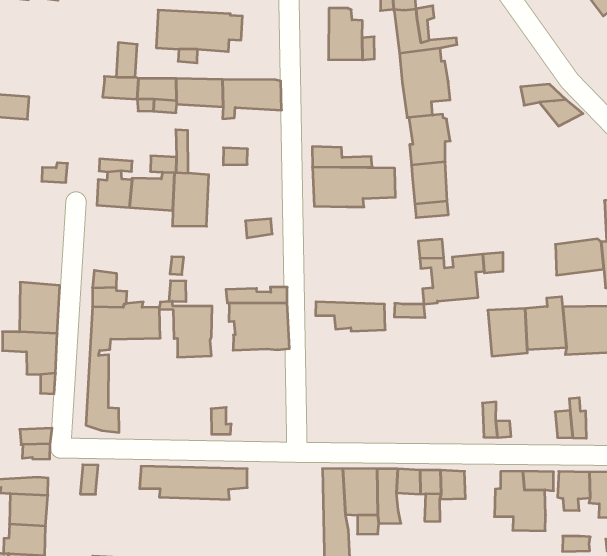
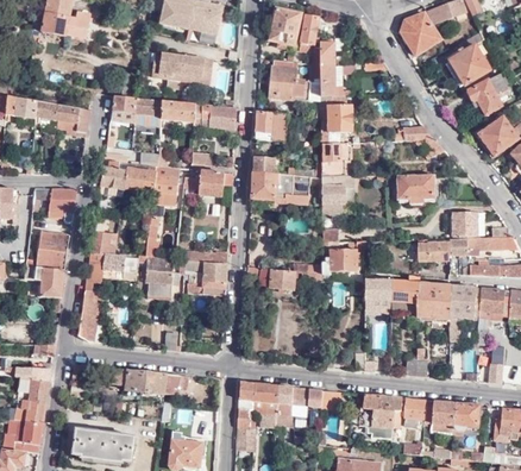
building: none -> [255,111,287,142]
building: none -> [57,103,89,133]
building: none -> [397,172,433,199]
building: none -> [183,170,232,196]
building: none -> [48,189,76,224]

